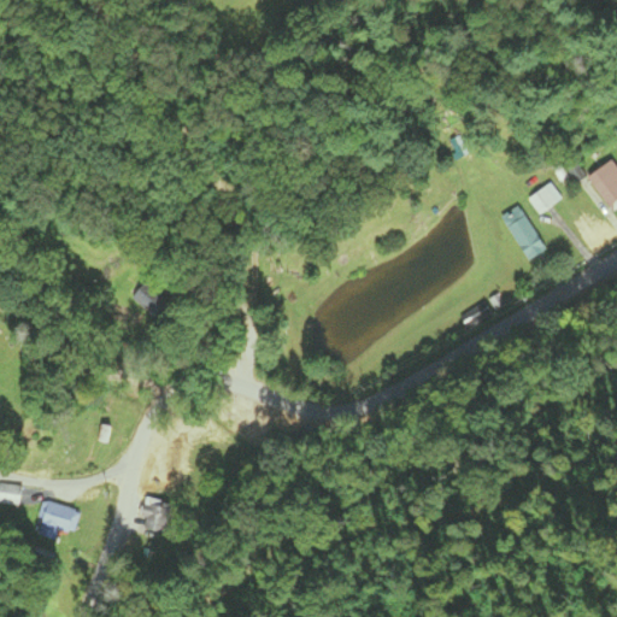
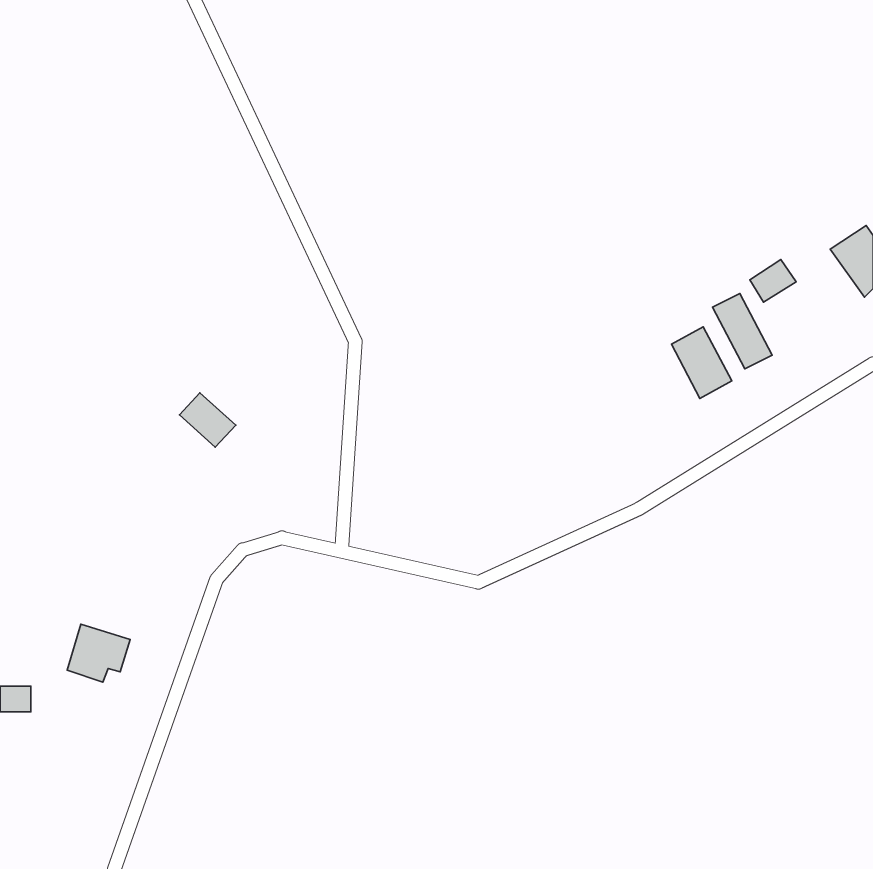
building: none -> [671,327,732,398]
building: [34,499,78,540] -> [67,624,130,682]
building: [142,504,170,529] -> none

